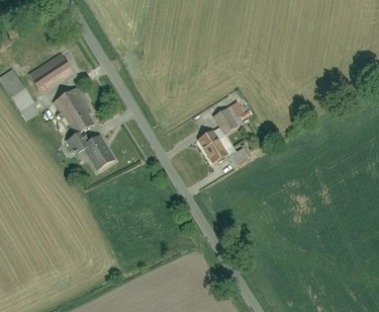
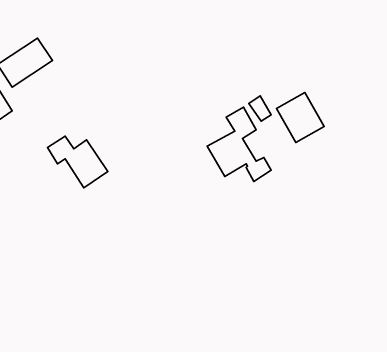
building: [53,88,95,134] -> none
building: none -> [277,93,324,143]

